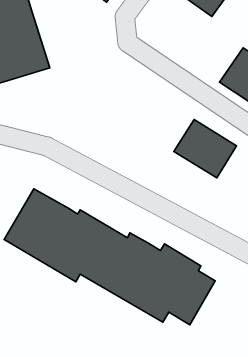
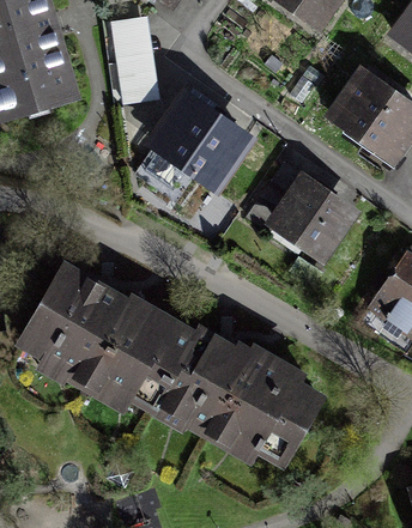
building: none -> [114,10,156,95]
building: none -> [133,98,244,200]

